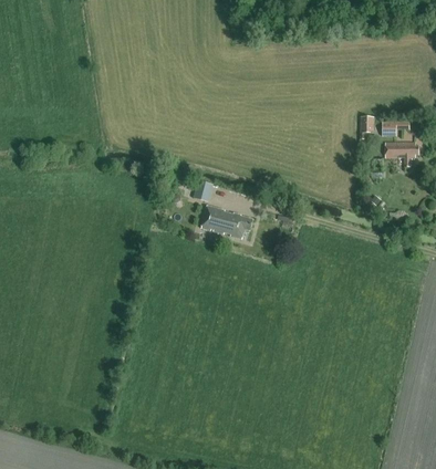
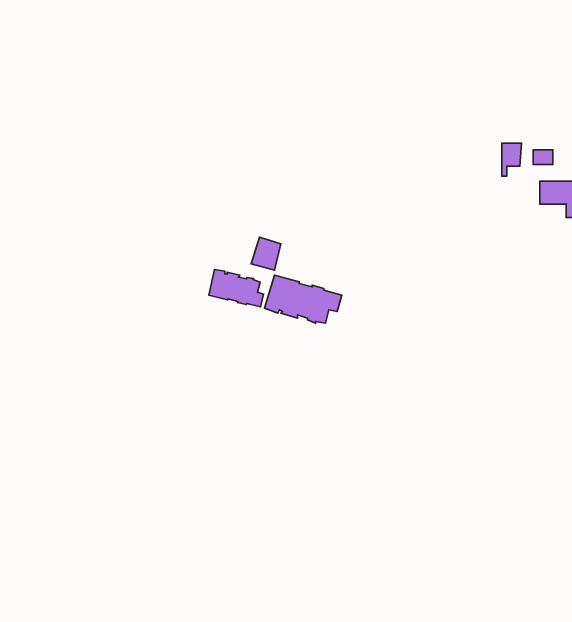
building: none -> [209,269,263,307]

